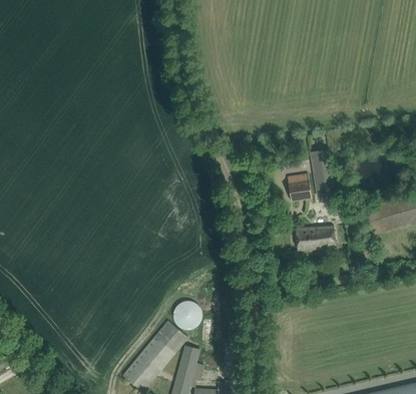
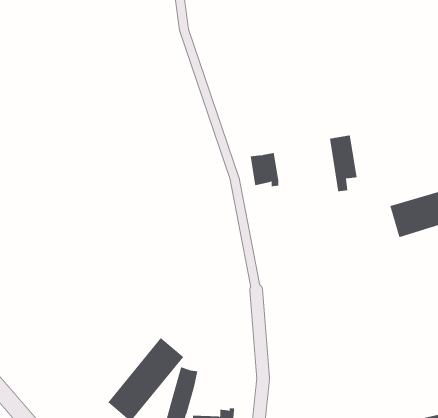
building: [287,173,312,203] -> [250,153,279,187]
building: [295,224,336,251] -> none
building: [172,299,202,329] -> none

